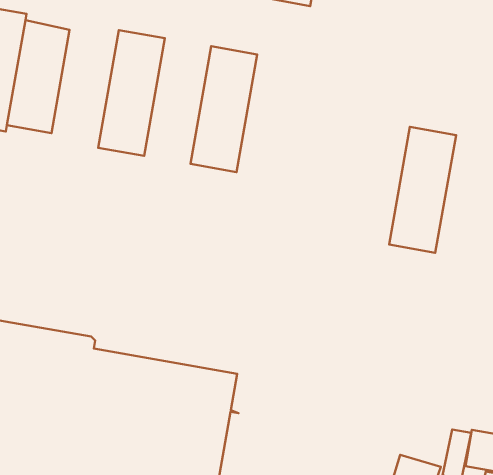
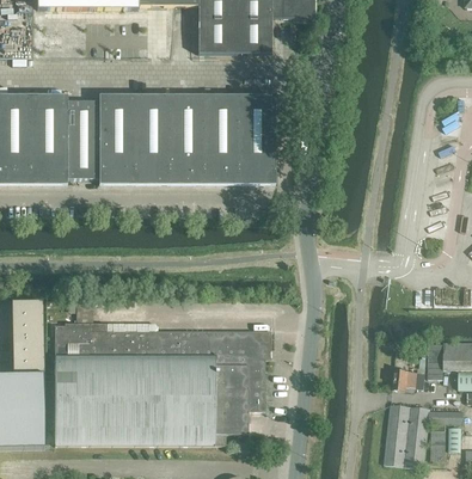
building: none -> [99,94,135,183]
building: none -> [170,94,204,183]
building: [389,127,456,253] -> [239,94,274,183]

